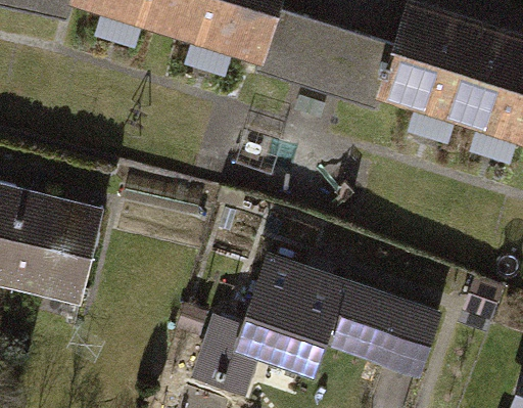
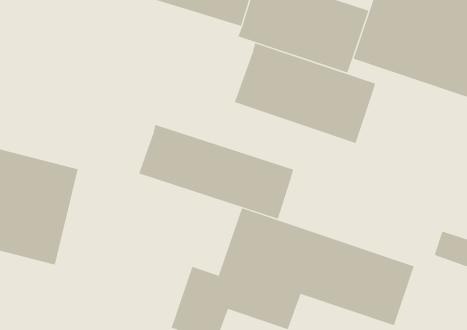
building: none -> [234,42,376,144]
building: none -> [139,124,294,219]

